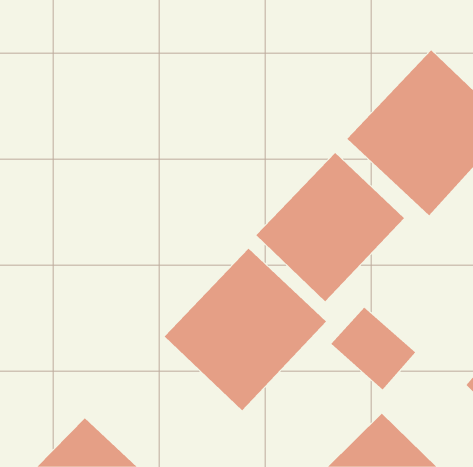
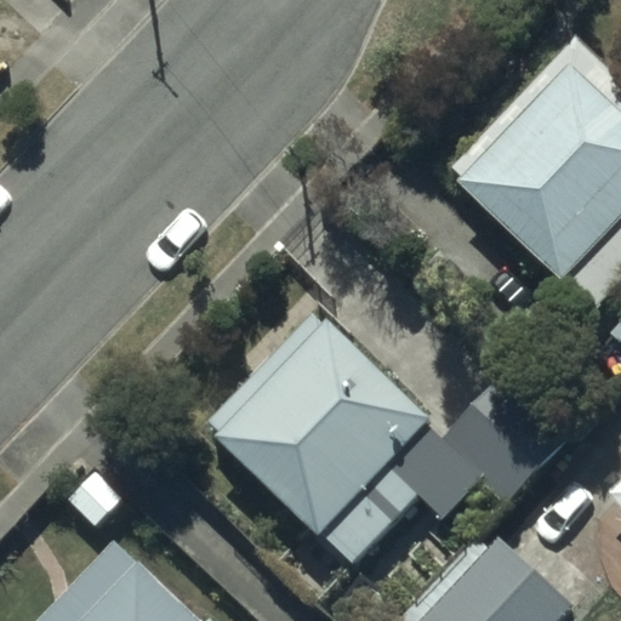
building: [255,152,405,302] -> none

